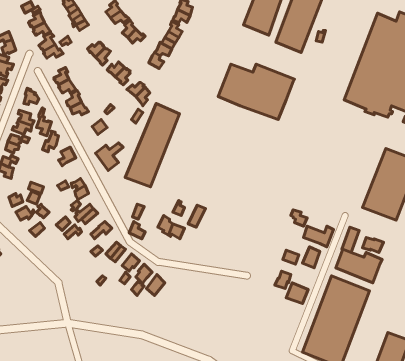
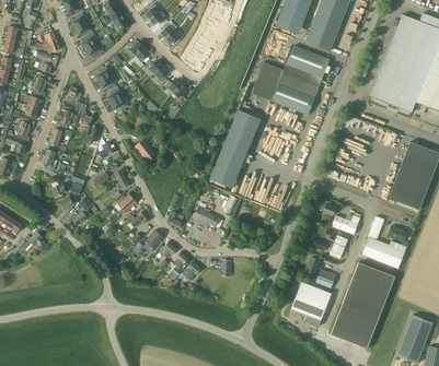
building: none -> [287,46,331,76]
building: [125,103,179,187] -> [208,109,259,188]
building: none -> [290,282,331,327]

